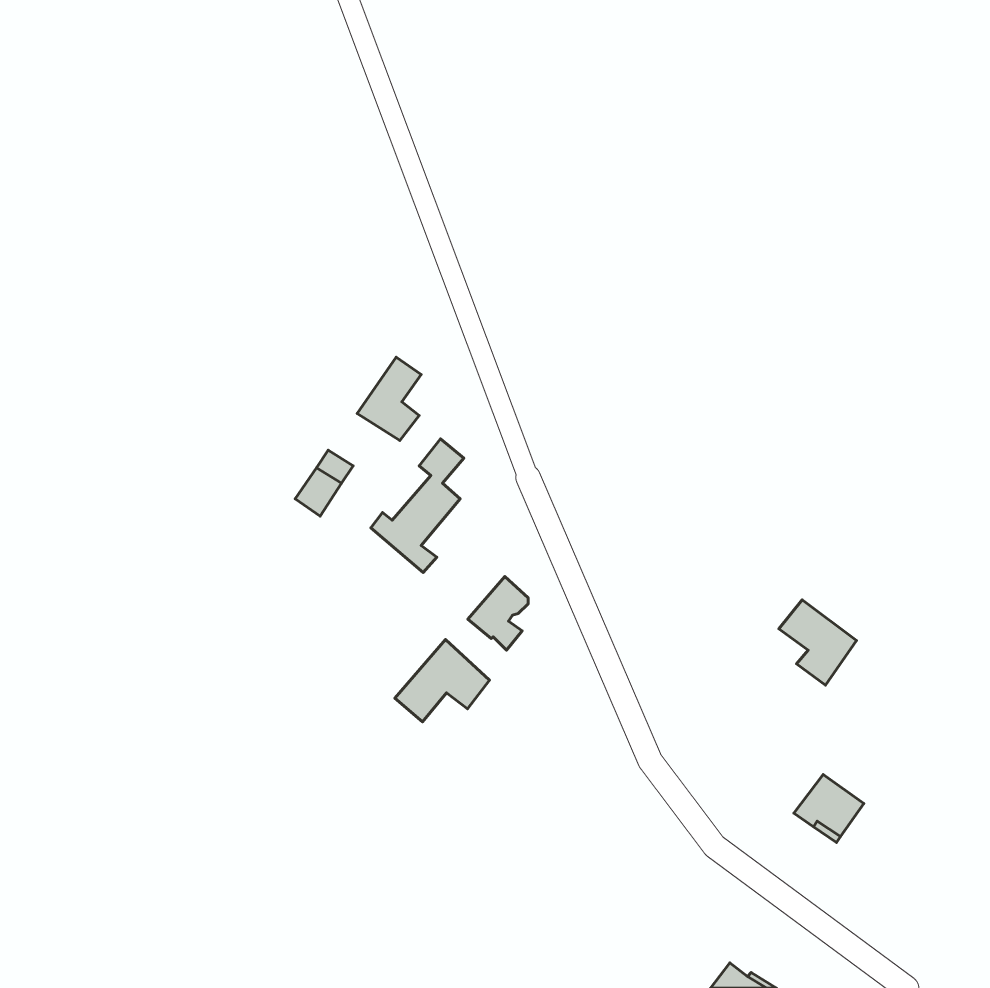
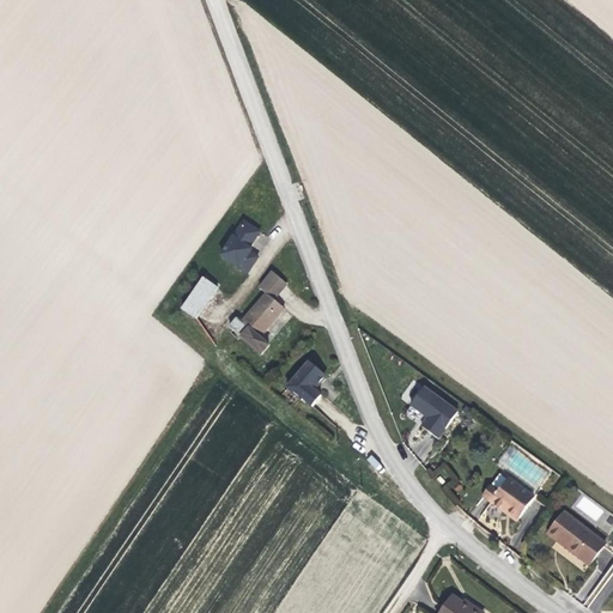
building: [779,600,857,685] -> [408,386,456,438]
building: [395,640,489,722] -> none
building: none -> [546,511,602,563]

